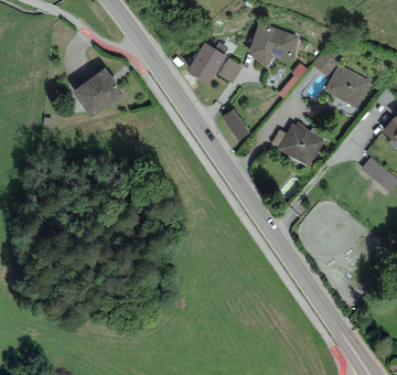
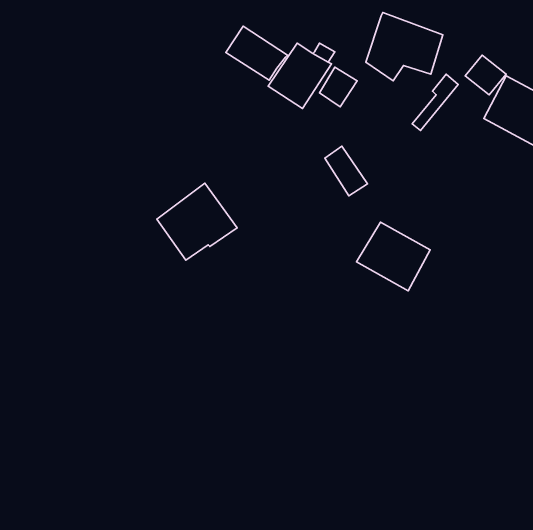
building: none -> [226,26,287,80]
building: [73,67,125,117] -> [157,183,237,260]
building: [277,122,324,167] -> [357,222,430,291]

